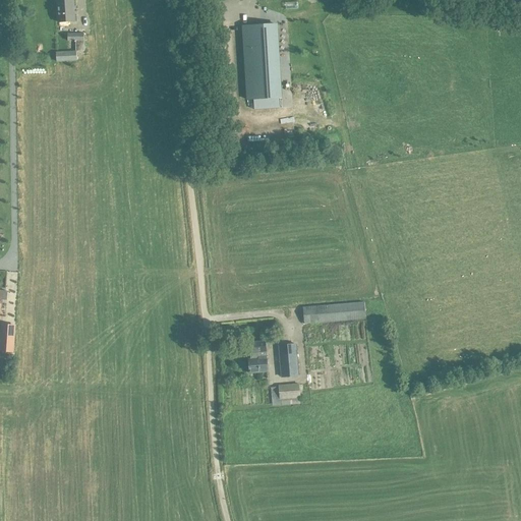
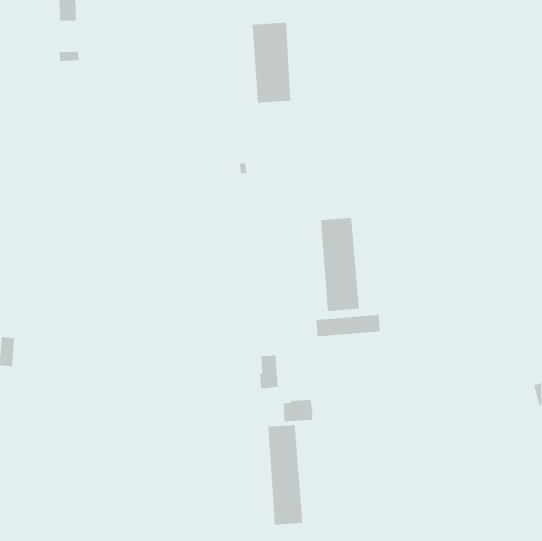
building: none -> [320,217,360,312]
building: [279,343,298,375] -> none
building: none -> [268,424,303,526]

